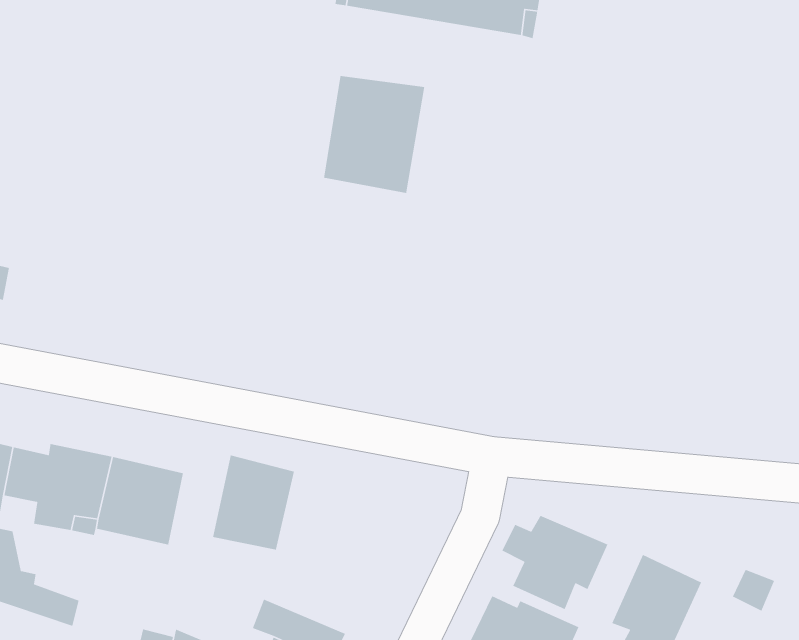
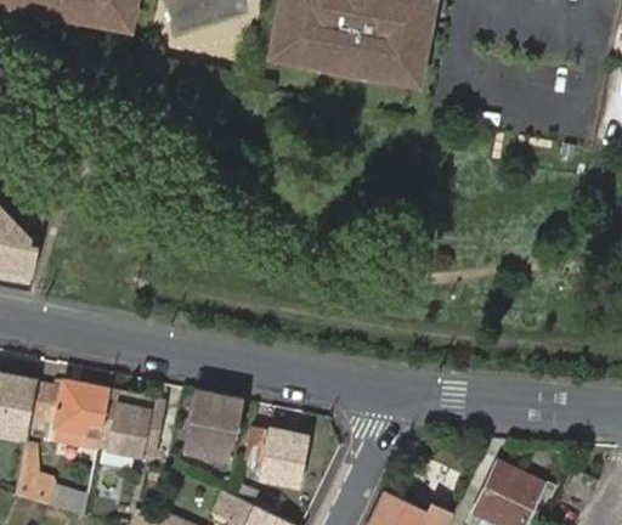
building: [323,75,425,194] -> none
building: none -> [244,427,307,486]
building: [501,515,608,610] -> none

